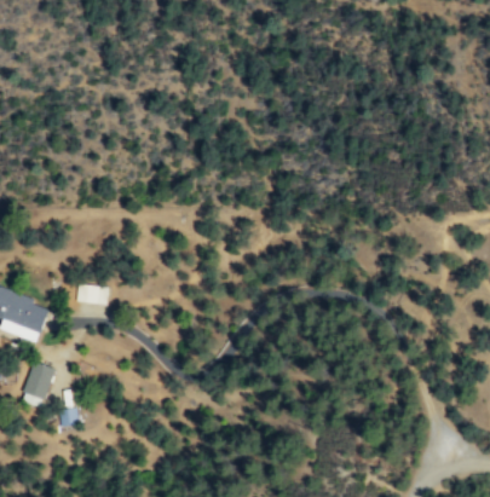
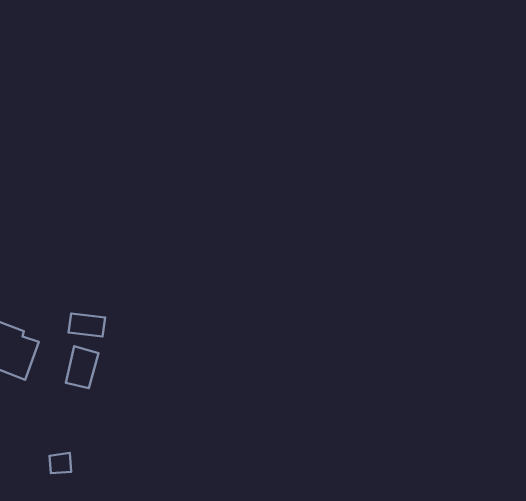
building: [25,362,54,399] -> [66,346,98,388]

